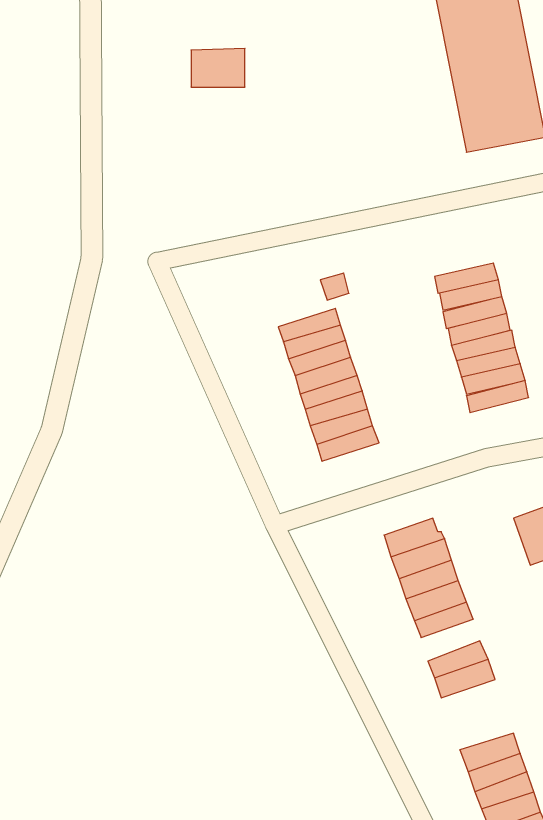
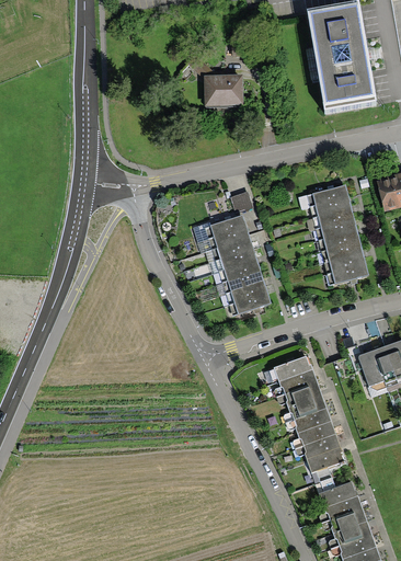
building: [191,48,245,87] -> [206,78,241,103]
building: none -> [297,420,335,447]
building: none -> [318,479,357,505]

